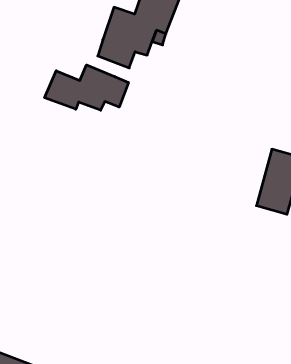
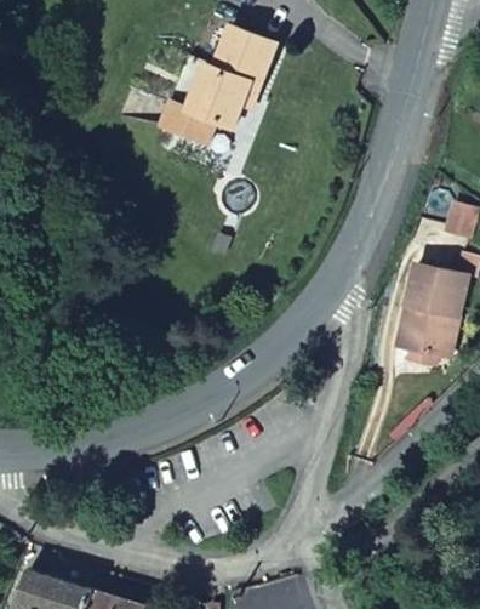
building: [45,65,128,110] -> none

